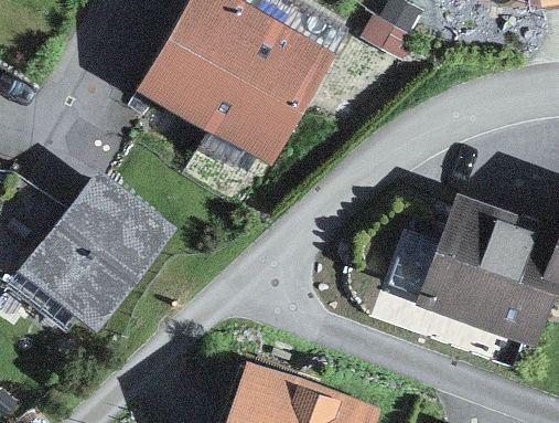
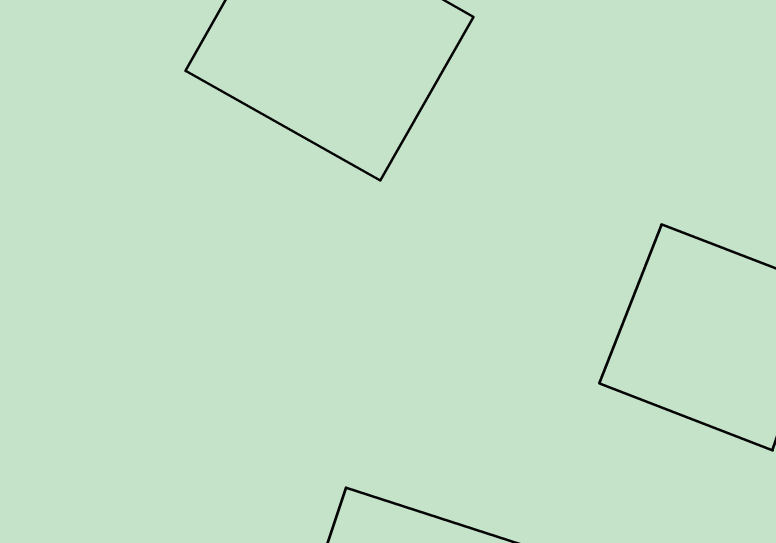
building: [21,173,165,326] -> none

